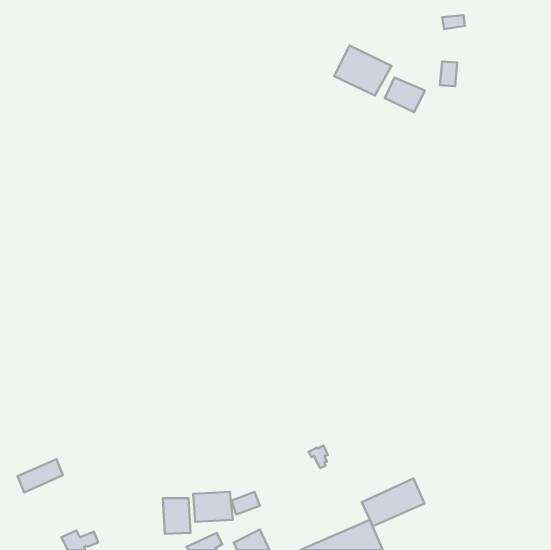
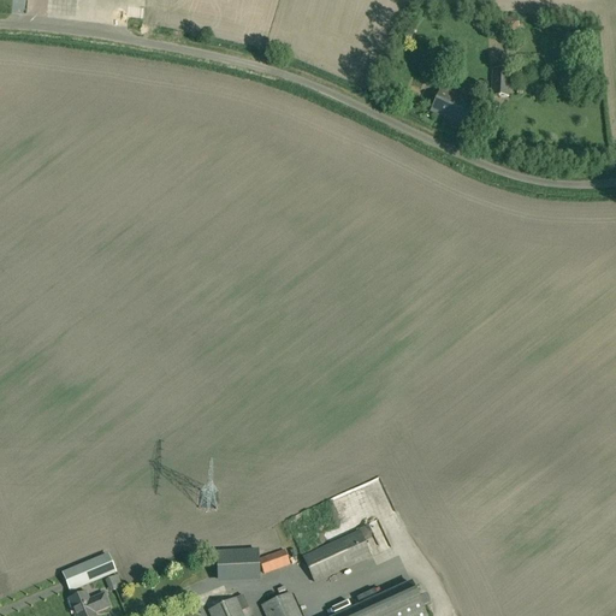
building: [334,46,391,96] -> none
building: [18,459,63,492] -> [64,553,114,591]
building: [362,479,424,526] -> [302,529,372,582]
building: [163,498,191,534] -> none

